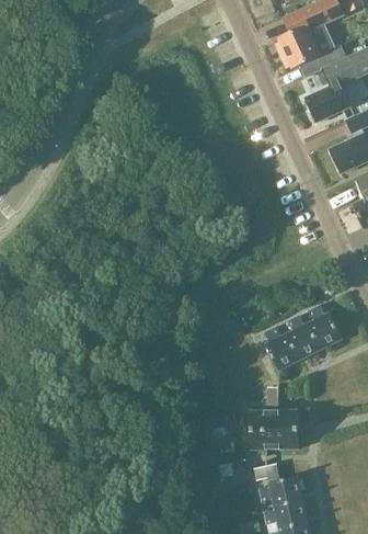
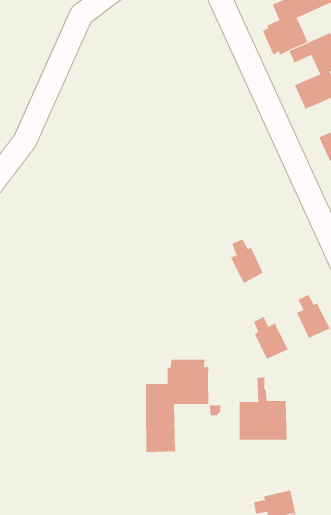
building: [287,314,320,359] -> [230,238,264,284]
building: none -> [146,359,209,453]
building: [253,463,302,504] -> none

